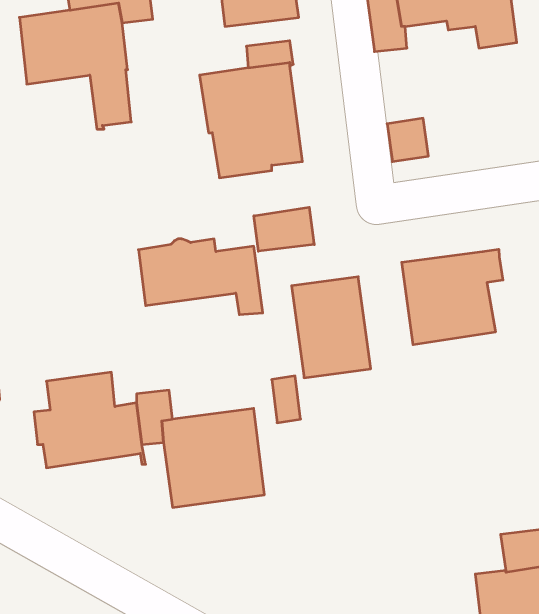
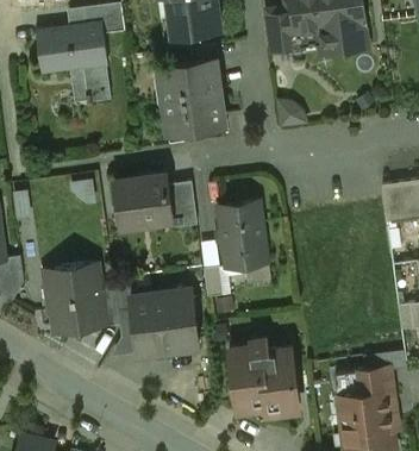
building: [254,207,314,251] -> none
building: [402,249,503,345] -> none
building: none -> [227,340,298,415]

